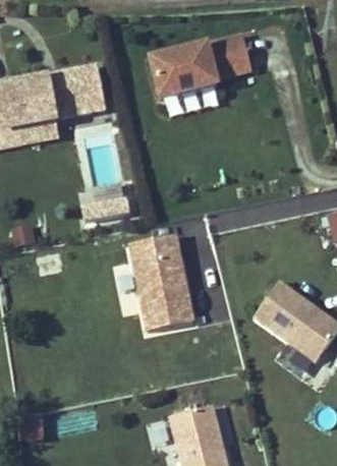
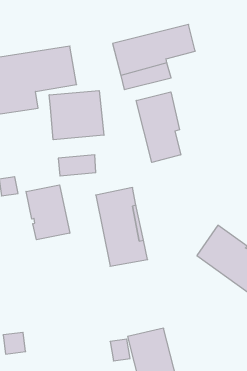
building: none -> [49,91,104,140]
building: none -> [136,92,181,162]
building: none -> [26,185,70,240]

